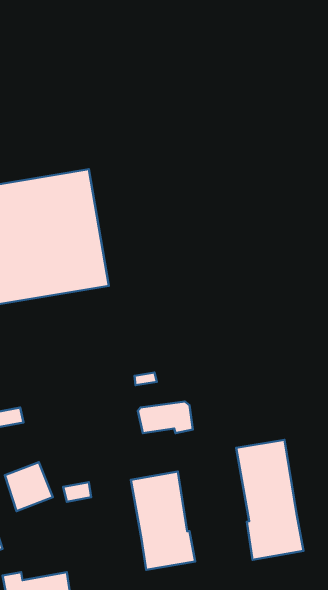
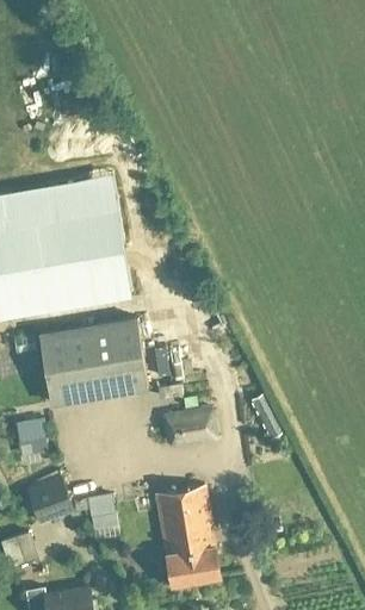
building: none -> [39,319,148,405]
building: [236,440,303,560] -> none

